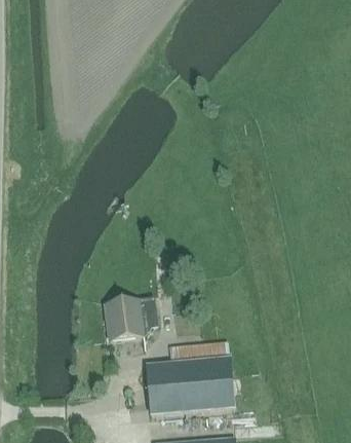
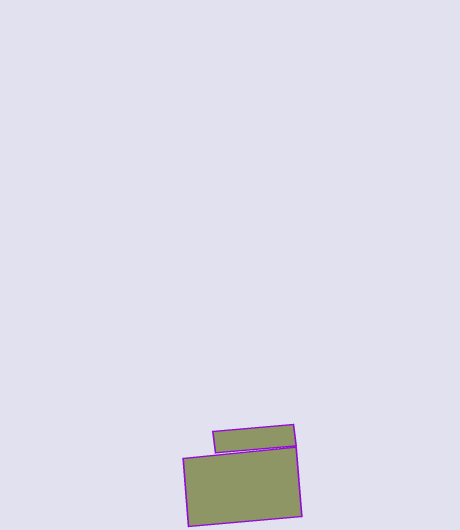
building: [104,298,158,339] -> none

